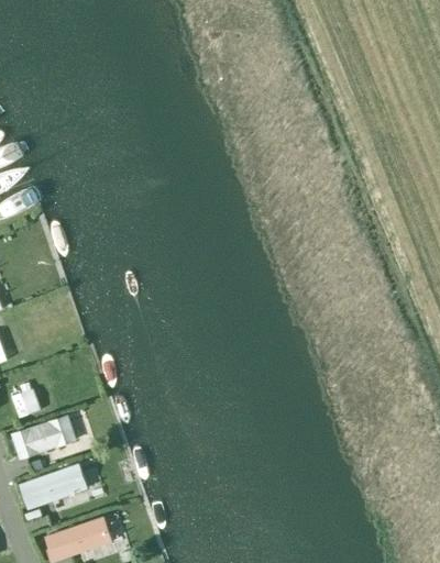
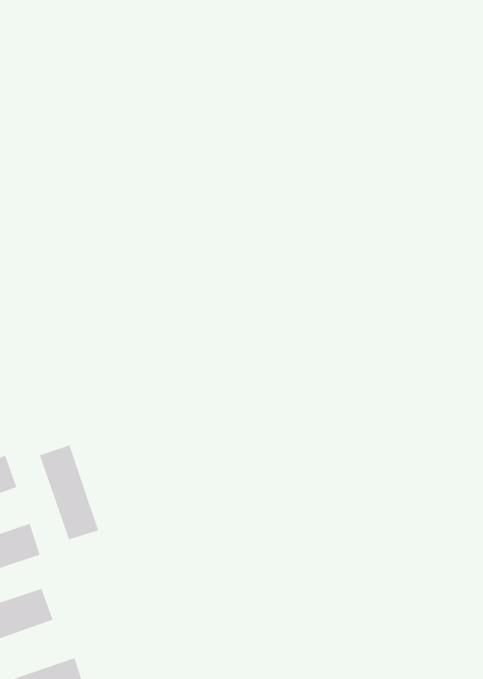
building: none -> [39,444,99,540]

